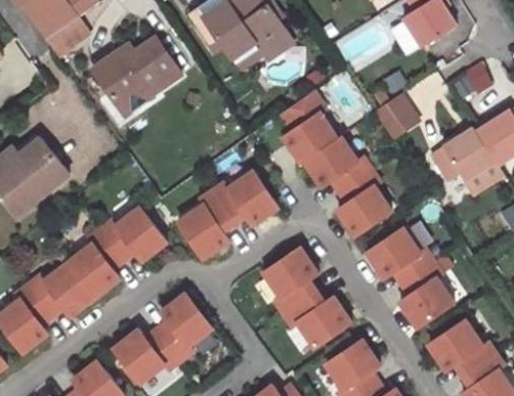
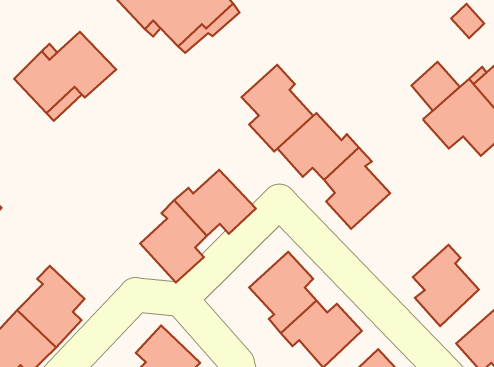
building: [374,95,414,135] -> [412,62,460,111]
building: [100,208,167,261] -> none
building: [367,228,434,284] -> none

